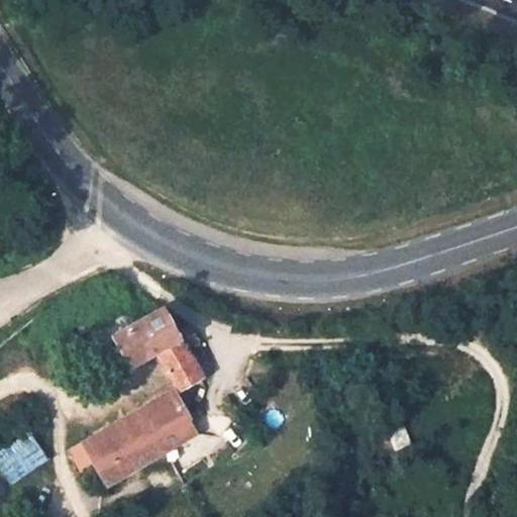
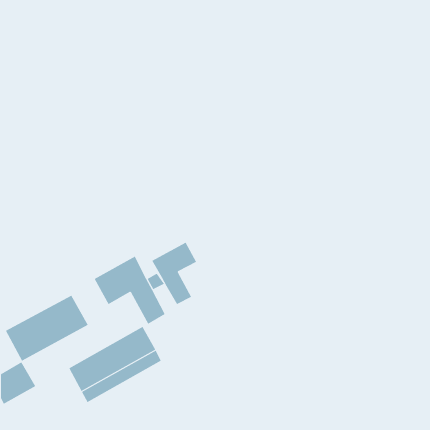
building: none -> [151,242,197,305]
building: none -> [5,295,89,362]

